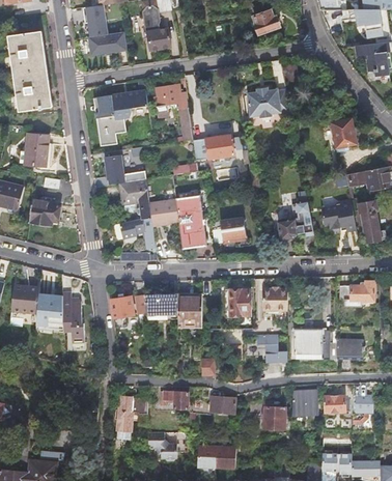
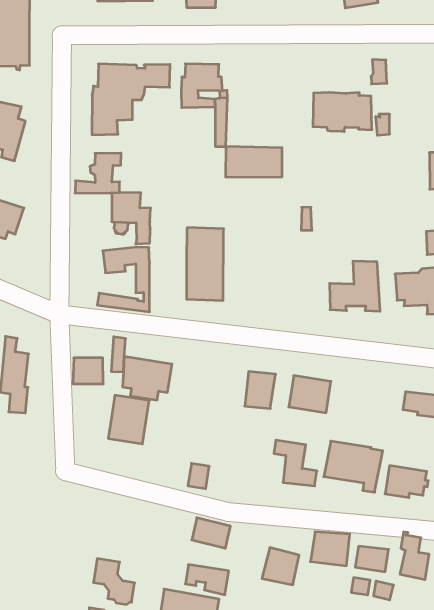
building: [149,200,177,227] -> none
building: [220,218,246,239] -> none
building: [178,294,202,324] -> [108,395,149,444]
building: [161,392,189,408] -> [185,565,229,595]
building: [120,396,148,431] -> none

